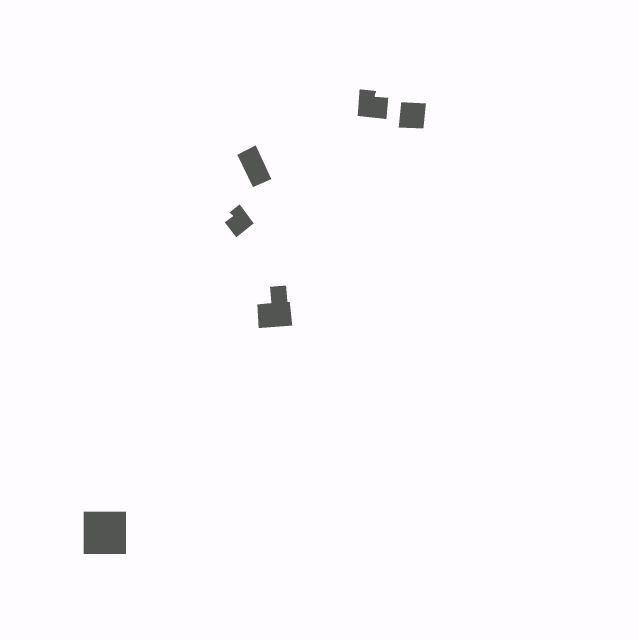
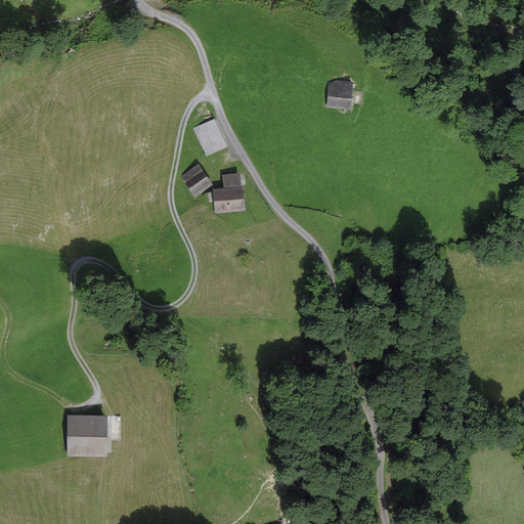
building: [357,89,389,120] -> none
building: [257,285,293,329] -> [213,174,243,210]

